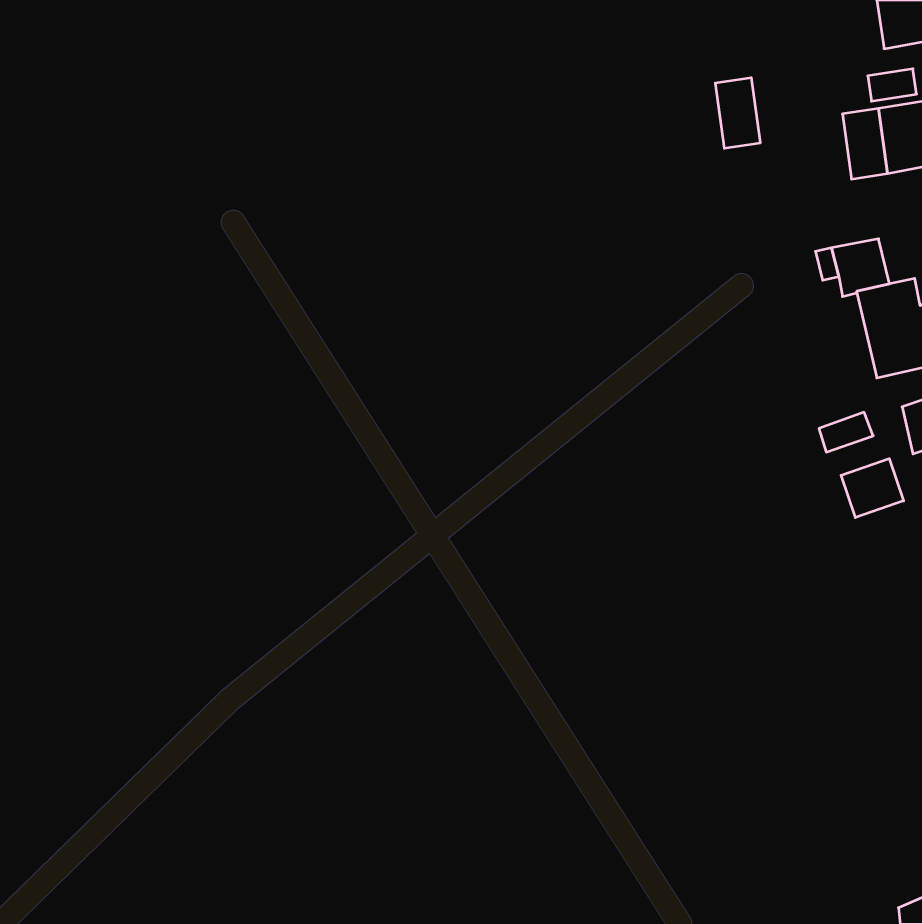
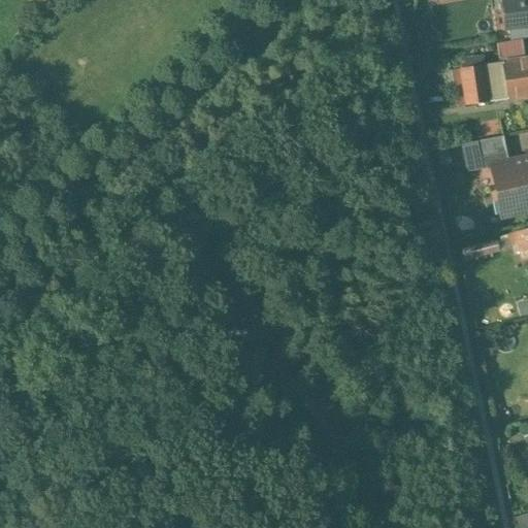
building: [715,78,760,148] -> [461,65,487,105]
building: [841,459,904,518] -> none

